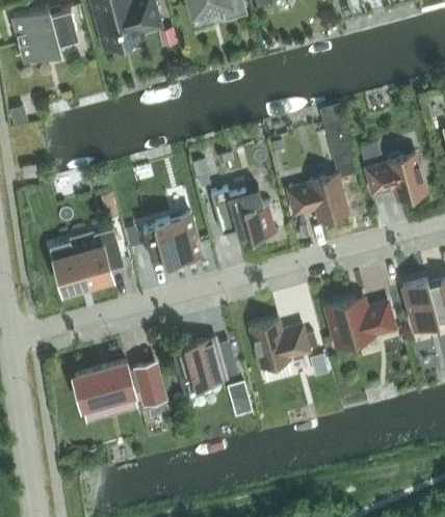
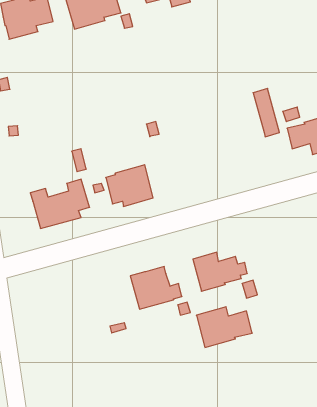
building: [287,173,347,221] -> none
building: [210,187,279,240] -> none
building: [325,297,394,347] -> [196,307,252,347]
building: [72,360,163,408] -> none

